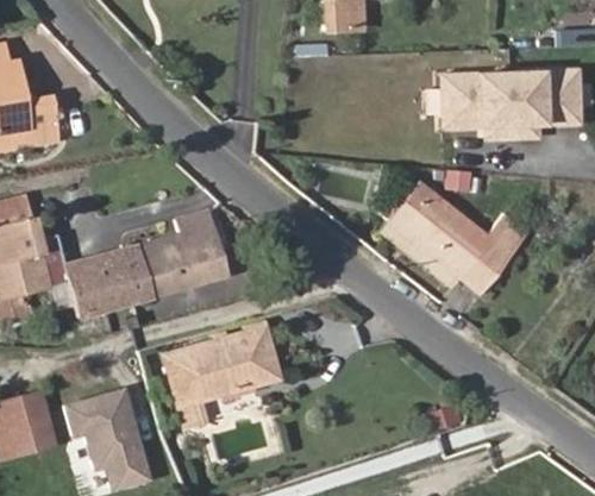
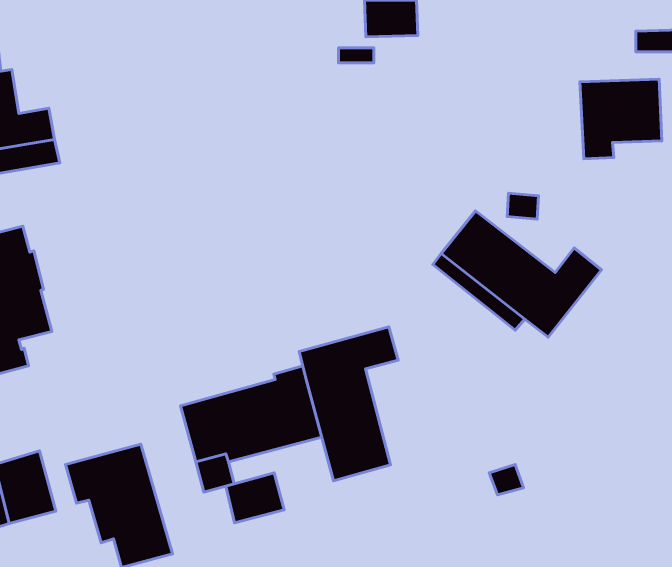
building: [440,71,512,139] -> none
building: [63,209,228,319] -> none
building: none -> [299,327,398,481]
building: none -> [226,473,284,523]

